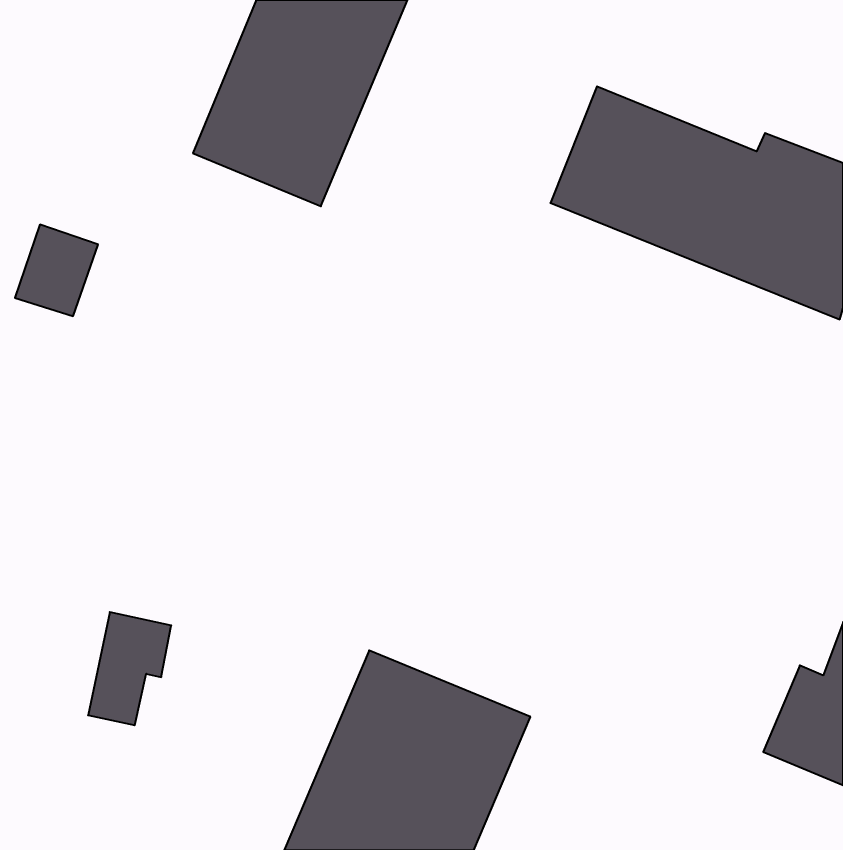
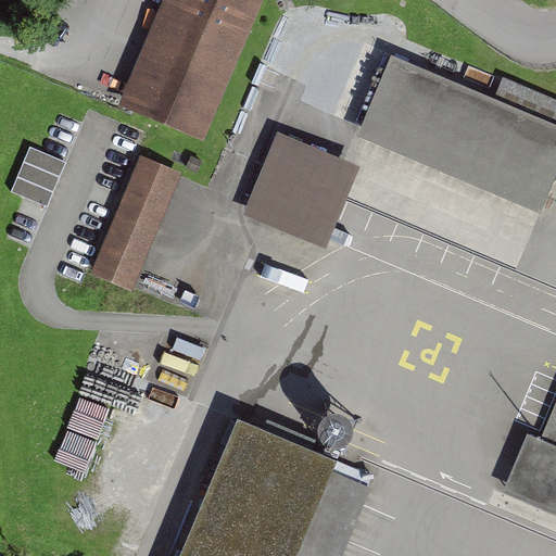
building: none -> [242,135,353,247]
building: none -> [90,156,178,290]

